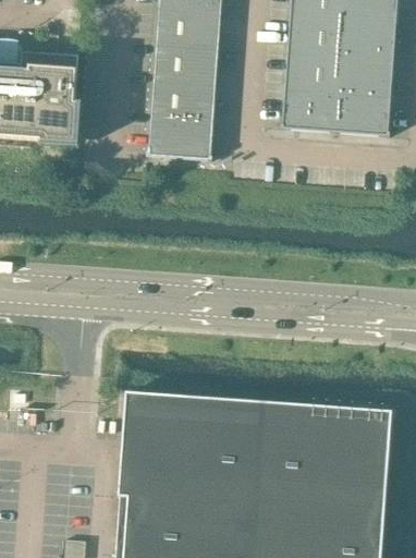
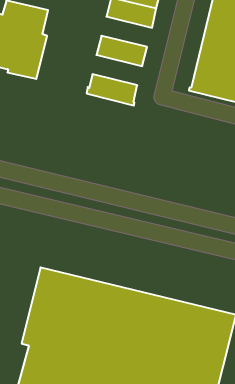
building: [154,50,218,81] -> none
building: [150,102,213,133] -> none

